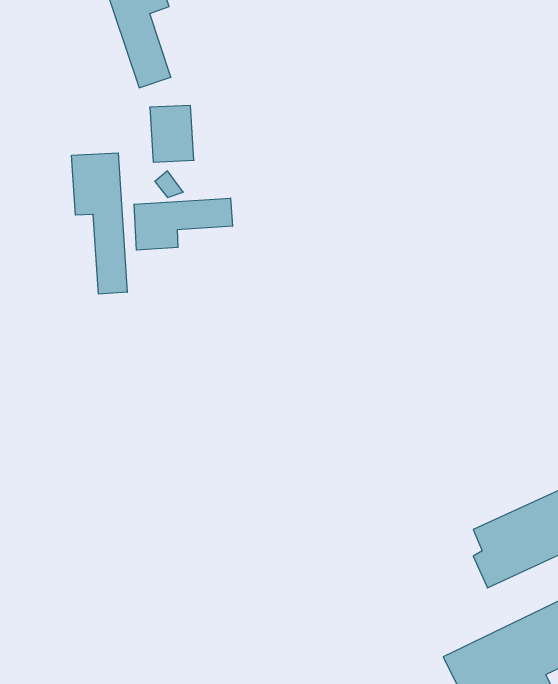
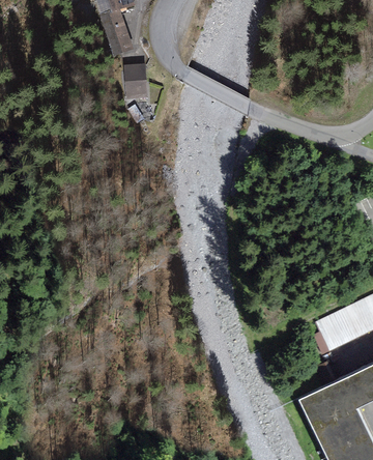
building: [72,153,127,294] -> none
building: [134,198,232,250] -> none

